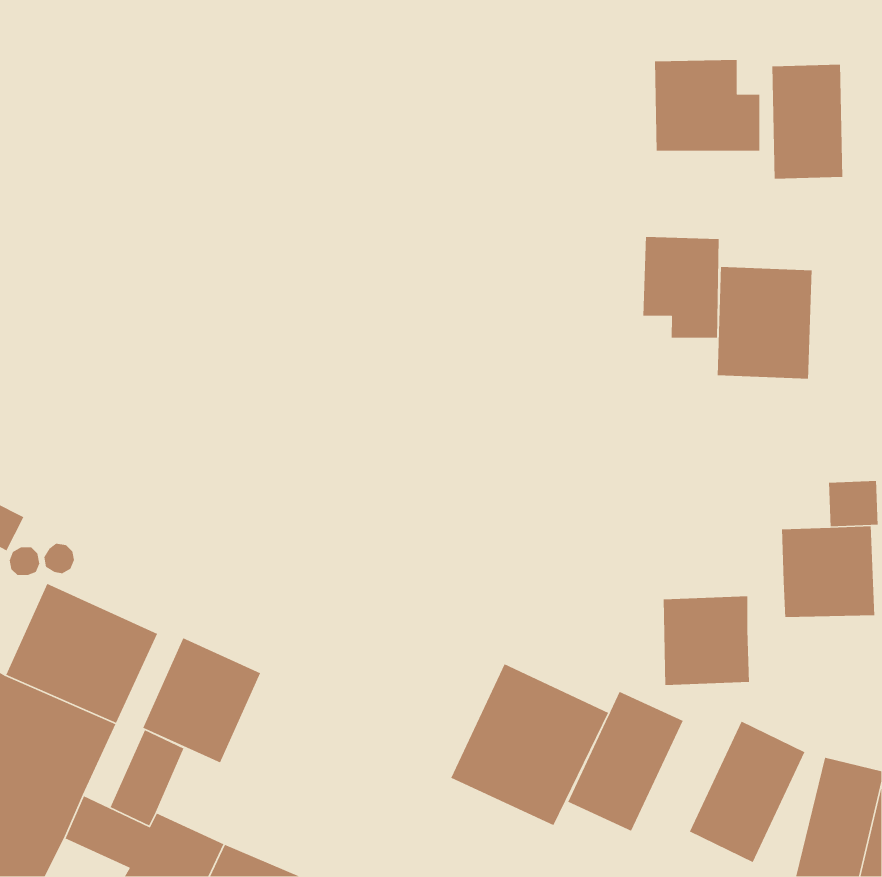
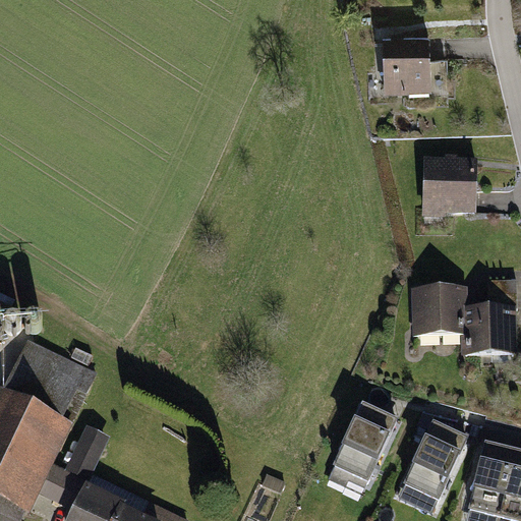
building: [772,64,843,179] -> none
building: [642,236,719,339] -> none
building: [663,595,750,686] -> [407,289,458,342]
building: [142,637,261,764] -> none
building: [450,663,609,826] -> none

